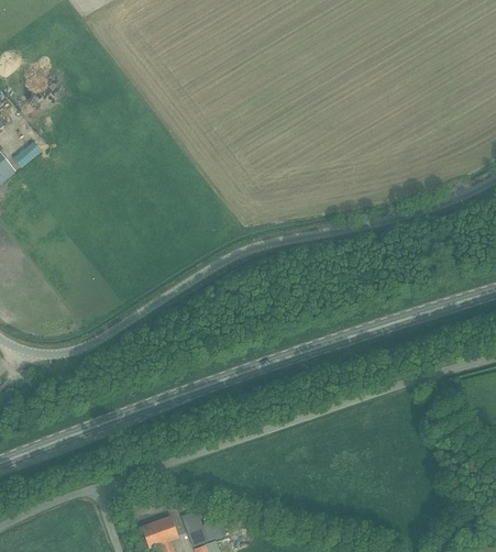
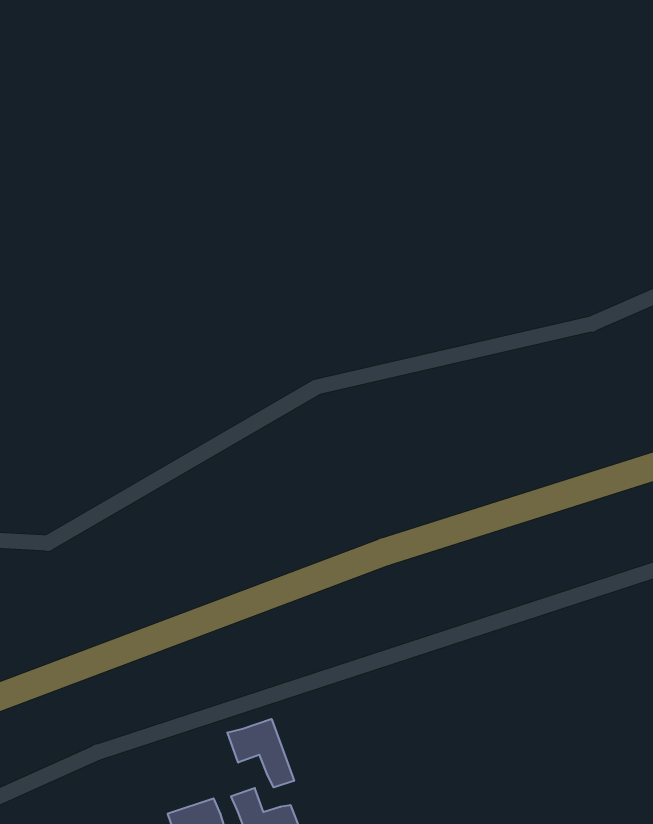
building: none -> [227,719,294,787]

